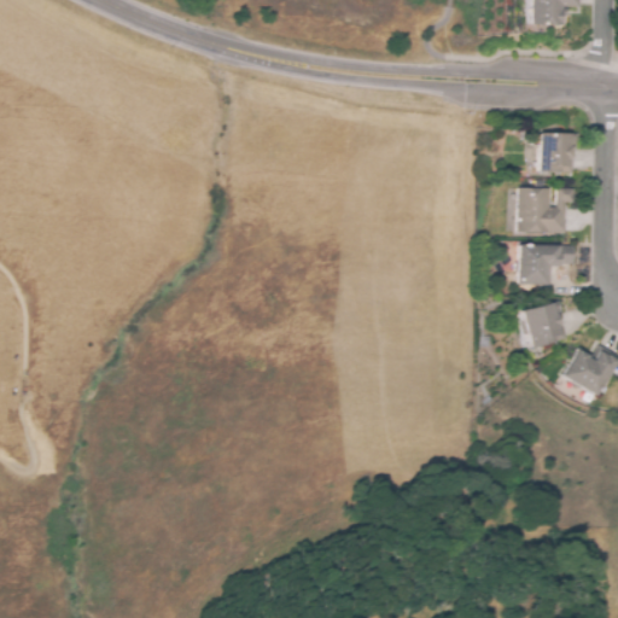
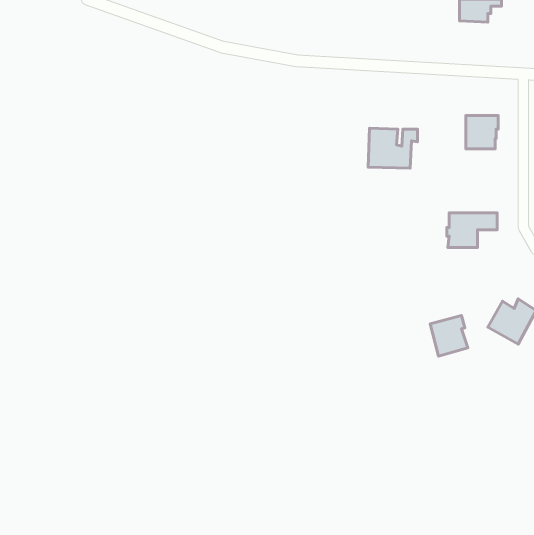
building: [517,187,573,233] -> [368,128,418,168]
building: [524,301,567,348] -> [430,315,468,356]

